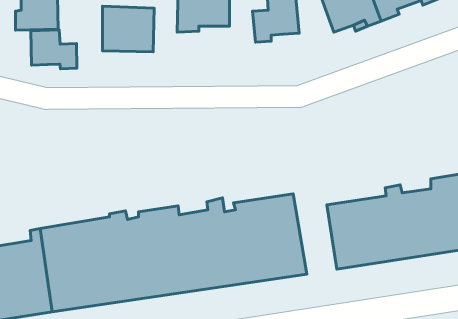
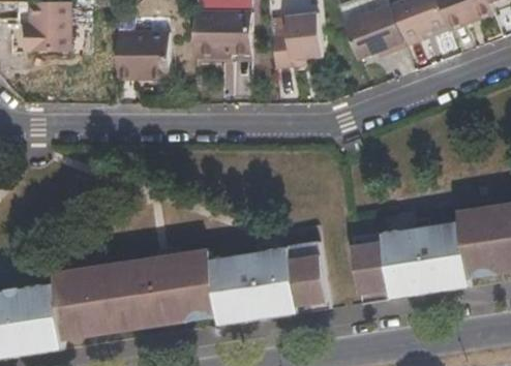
building: [31,30,77,69] -> none

